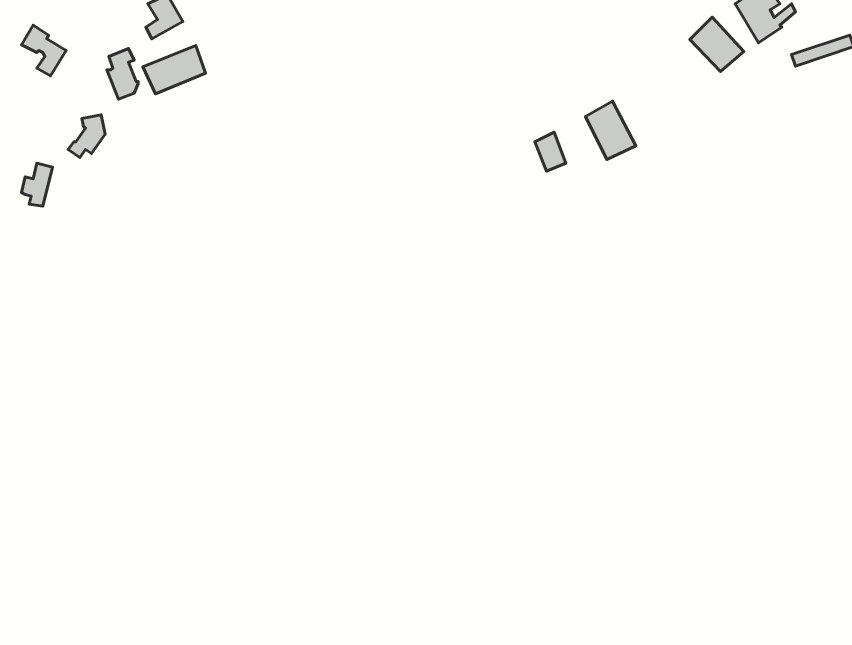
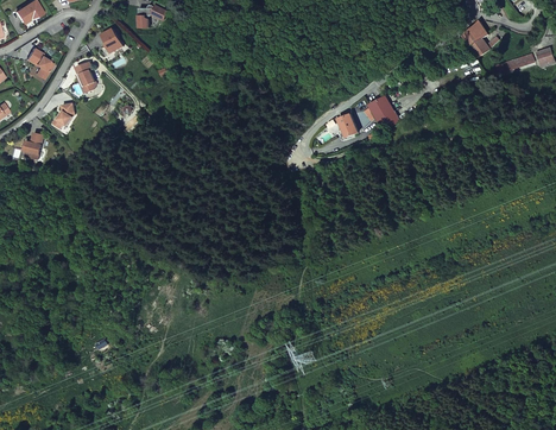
building: [690,17,744,71] -> none
building: [143,46,205,94] -> none

